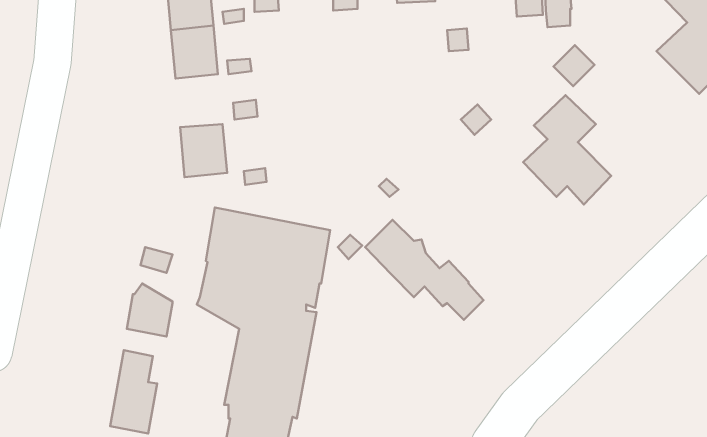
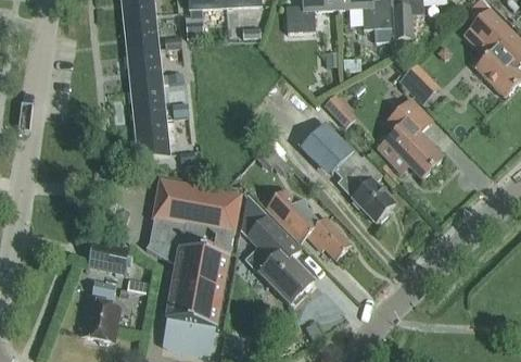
building: none -> [130,83,164,121]
building: none -> [304,123,394,220]
building: none -> [245,214,313,303]

